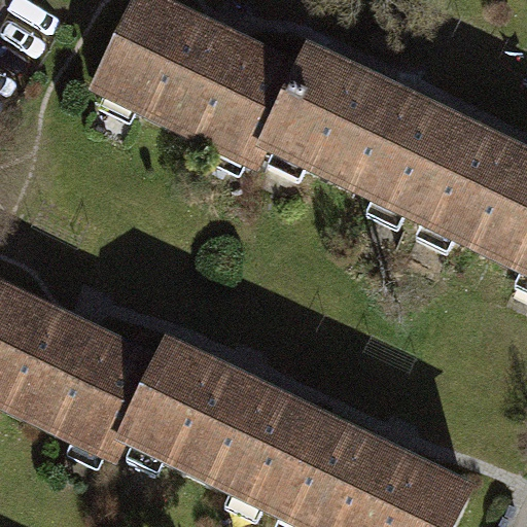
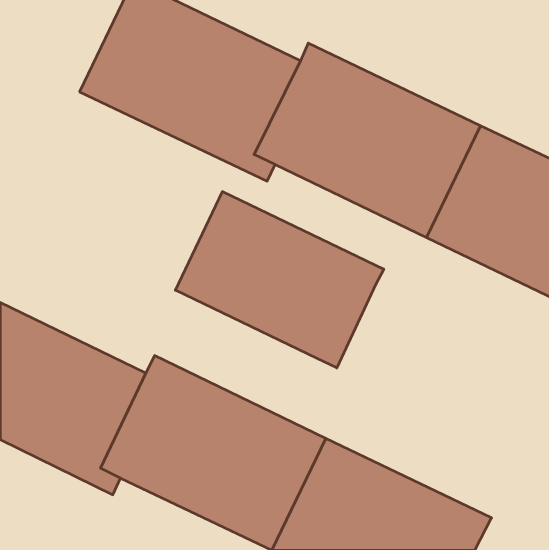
building: none -> [175,192,384,368]

